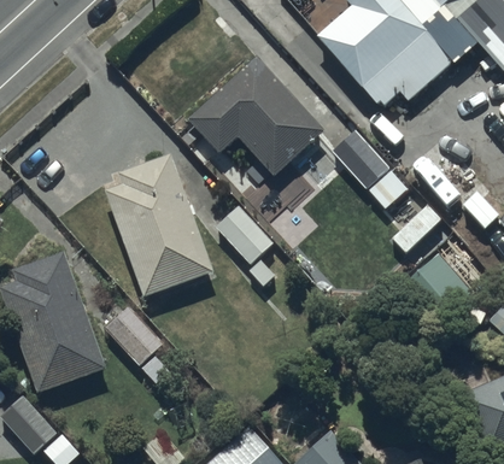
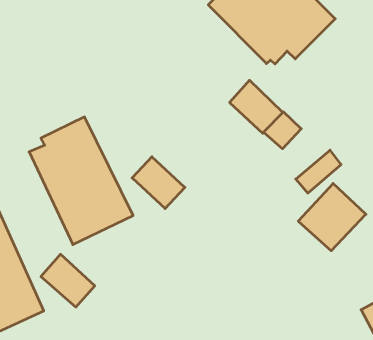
building: [186,54,324,175] -> none

